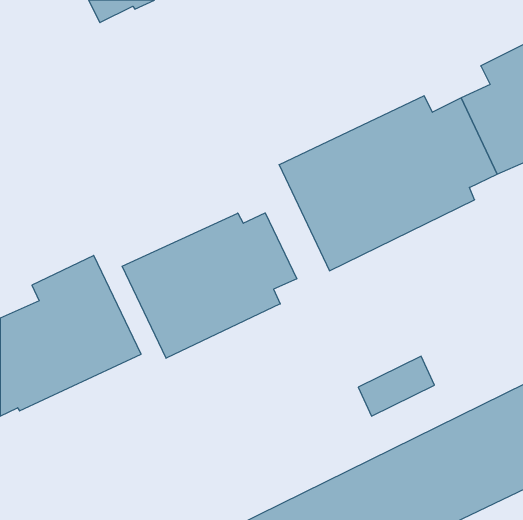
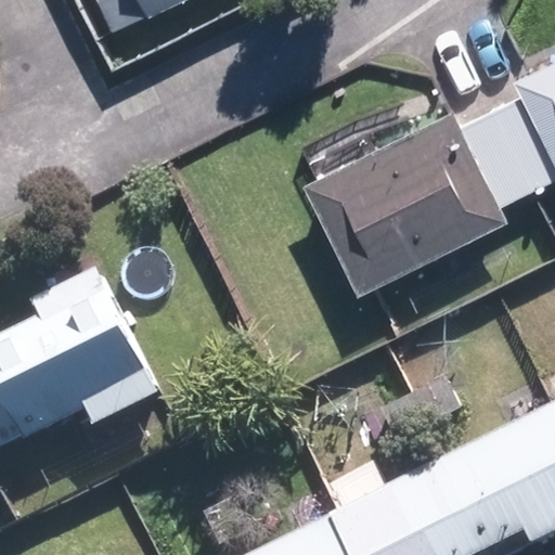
building: [122,213,297,358] -> none

